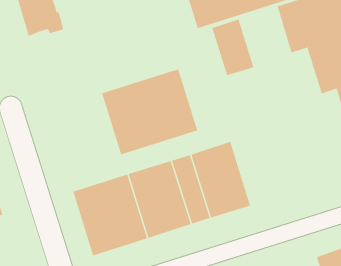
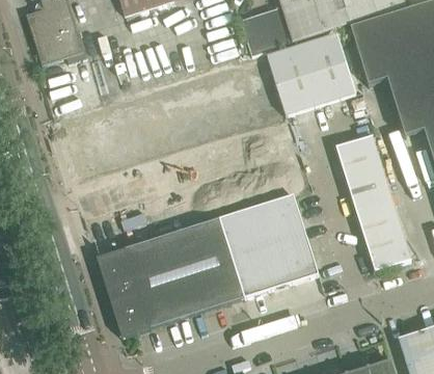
building: none -> [304,32,356,103]
building: [102,69,198,155] -> none
building: none -> [337,134,411,270]

